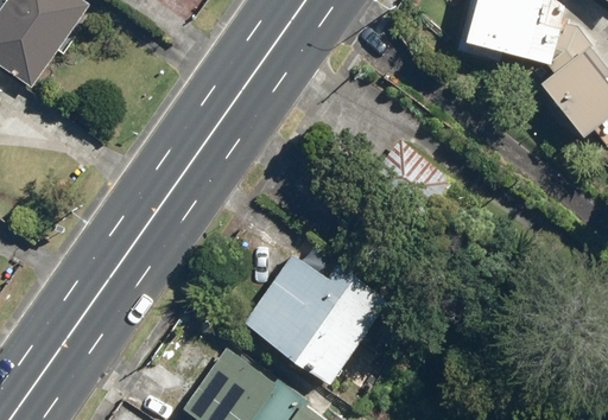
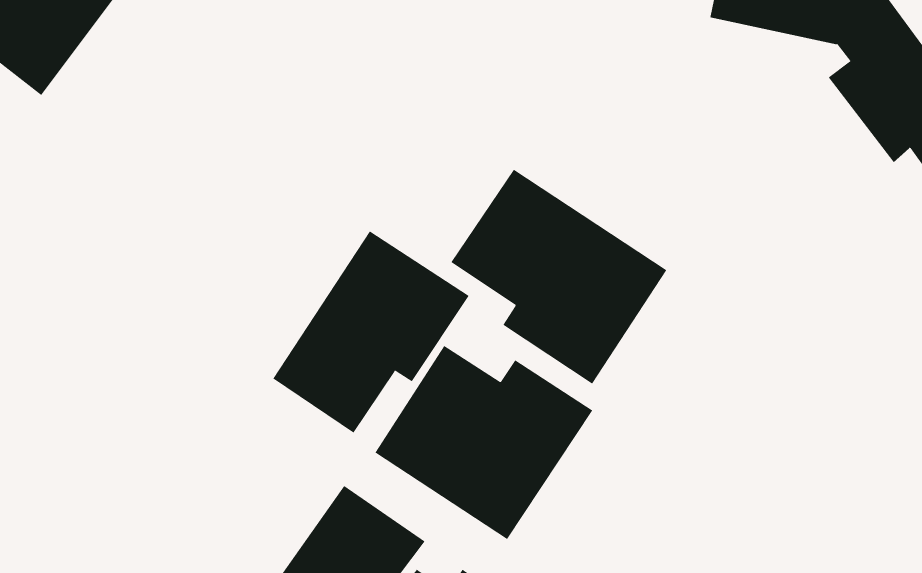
building: none -> [451,169,667,385]
building: none -> [272,231,469,434]

